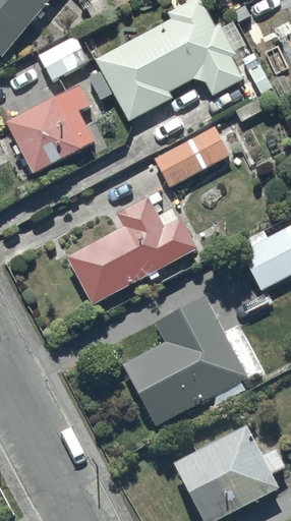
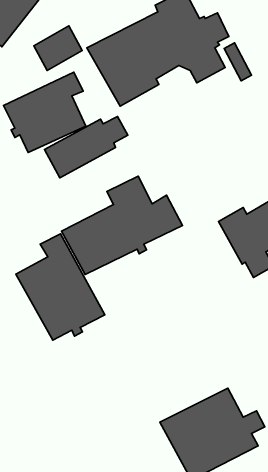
building: [154,123,243,189] -> [45,116,128,178]
building: none -> [16,234,105,340]
building: [123,294,260,424] -> none

